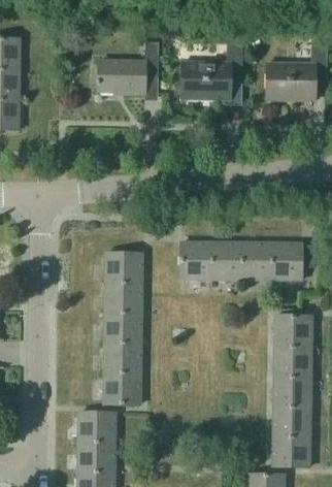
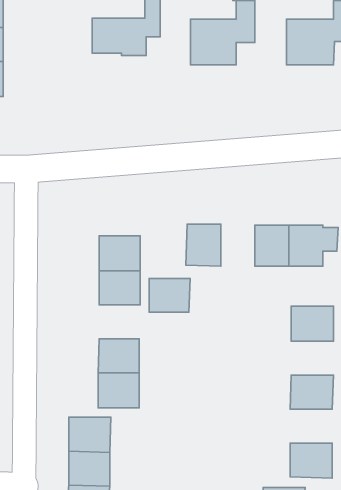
building: [211,241,241,279] -> none
building: [104,313,140,343] -> [149,278,190,312]
building: [273,345,310,375] -> none
building: [272,404,309,434] -> none

